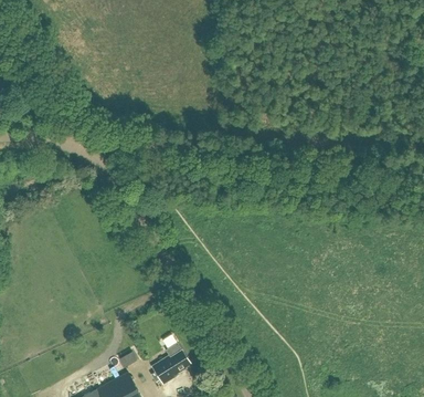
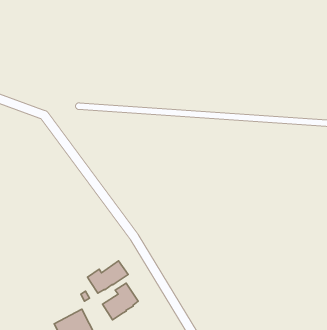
building: none -> [87,261,128,293]

